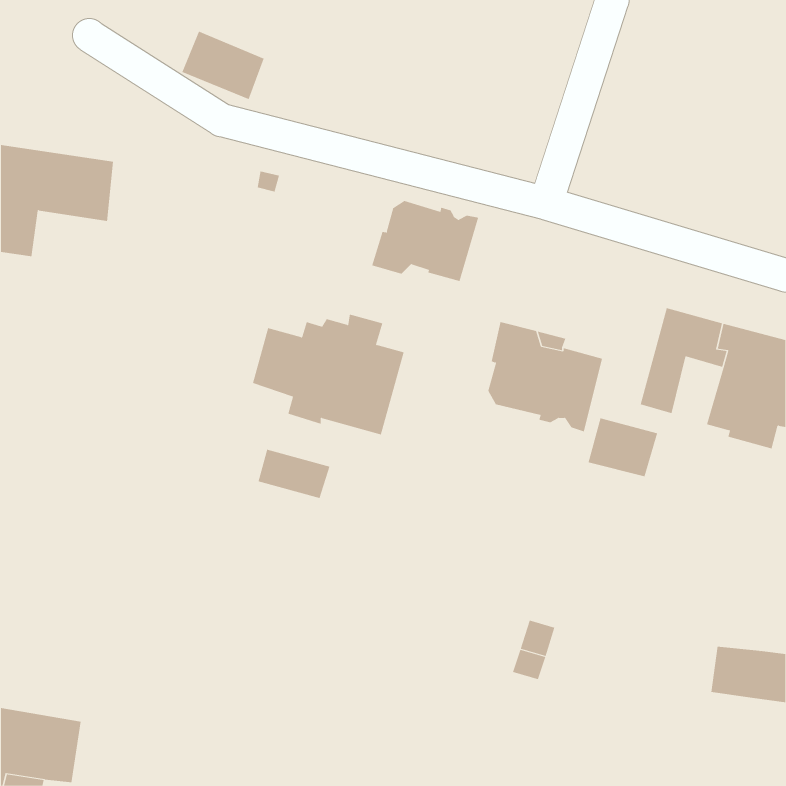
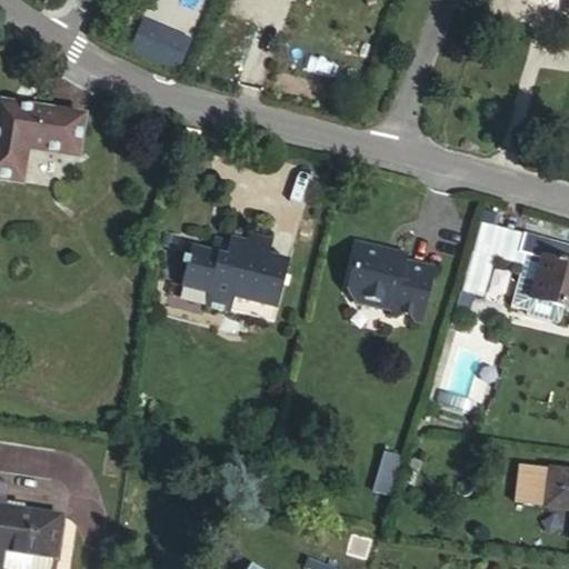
building: [371,200,479,282] -> none
building: [588,417,658,477] -> none
building: [258,449,330,499] -> none

